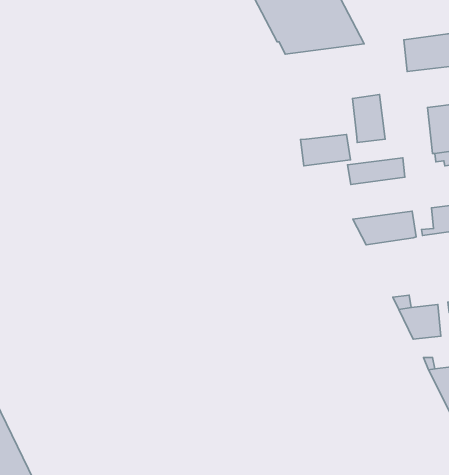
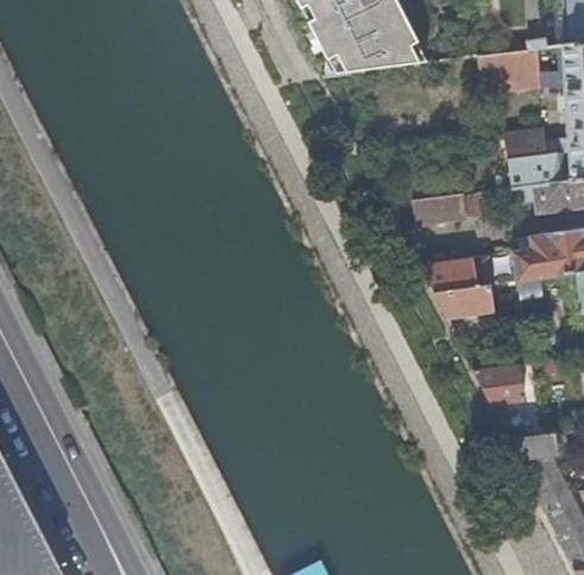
building: [353,94,385,143] -> none
building: [301,134,351,166] -> none
building: none -> [437,286,495,318]

